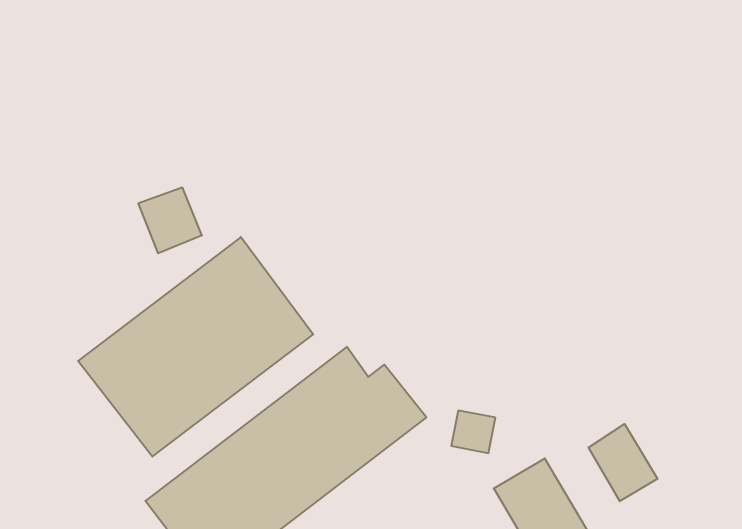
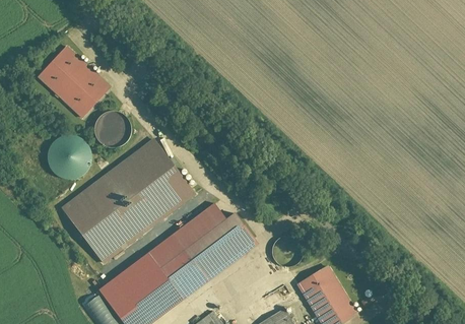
building: none -> [39,47,110,117]
building: none -> [47,134,91,178]
building: [588,424,657,501] -> none

